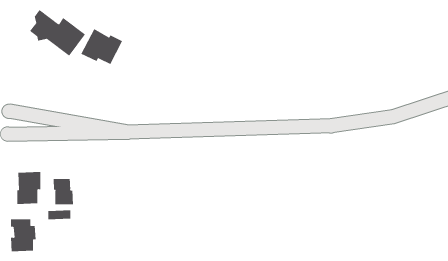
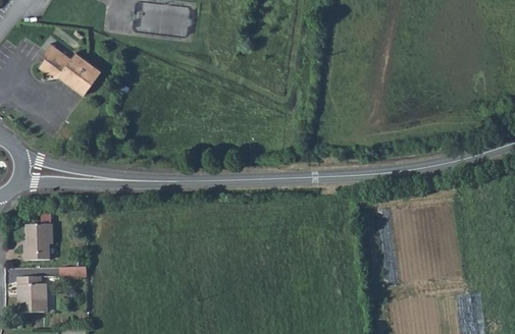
building: [81,28,123,65] -> none
building: [53,178,74,205] -> none

